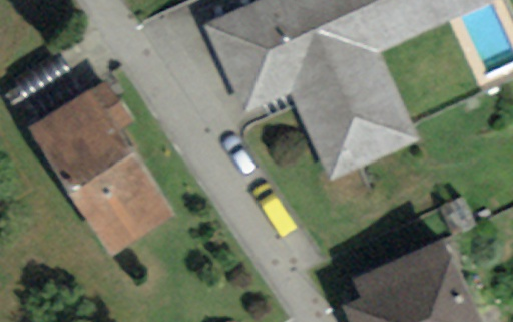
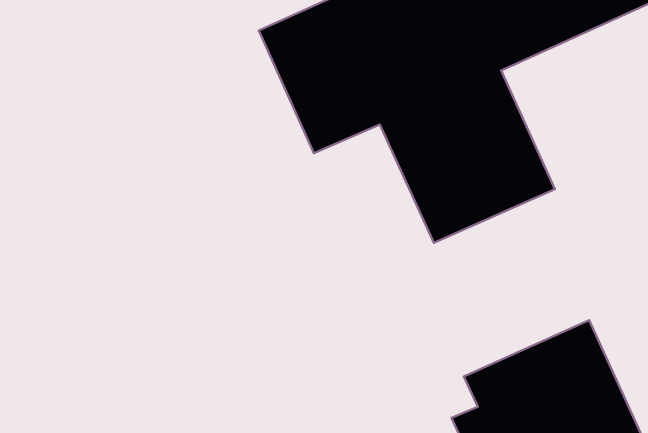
building: [27,85,174,255] -> none

